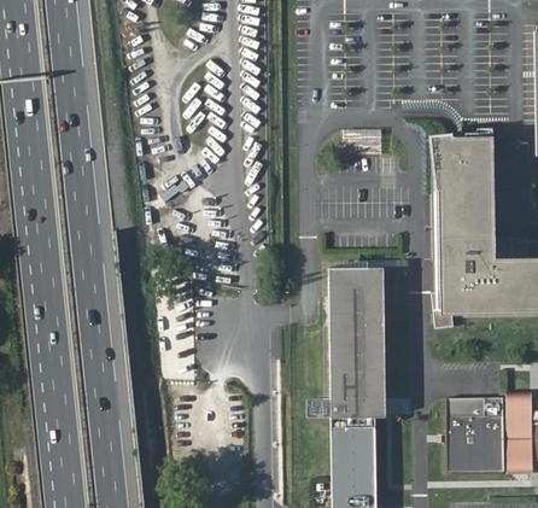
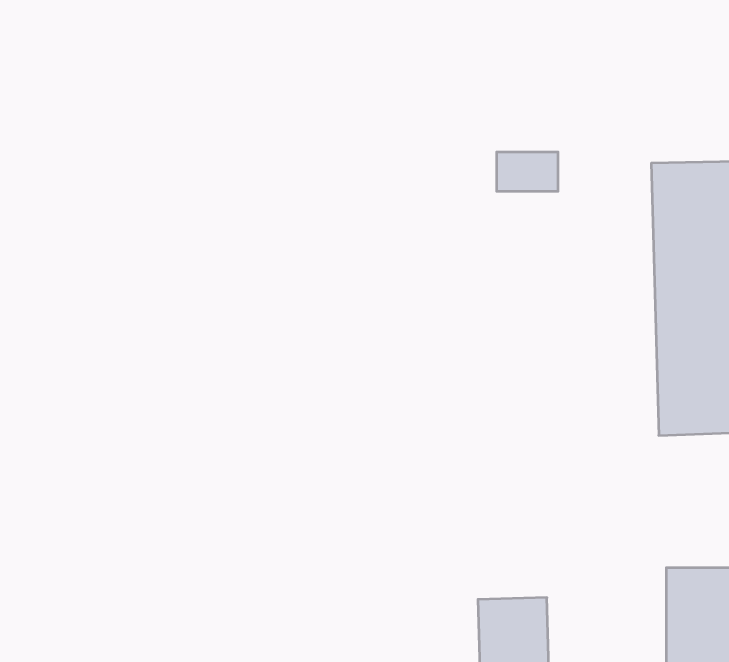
building: [326,268,386,419] -> none

